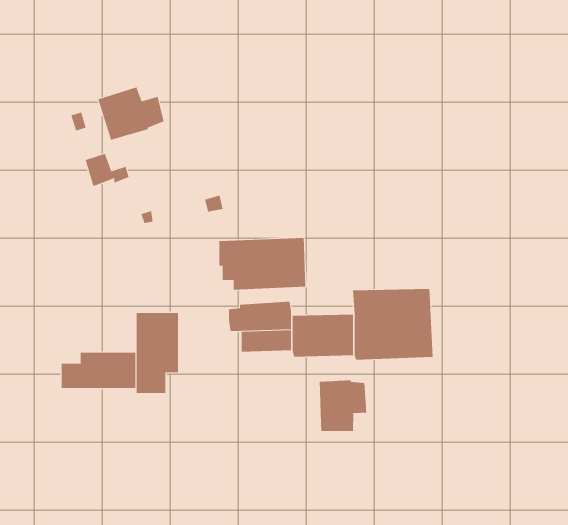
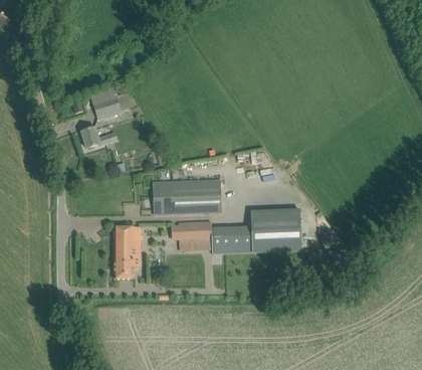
building: none -> [153,181,175,213]
building: [61,352,136,389] -> none
building: [319,379,367,432] -> none

